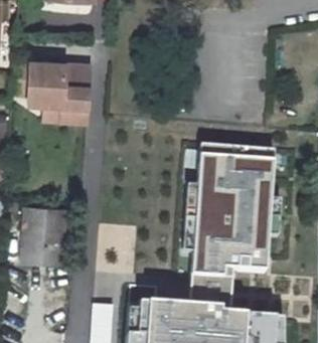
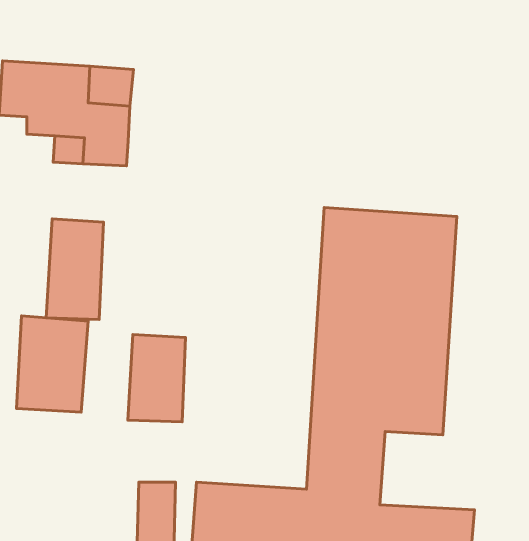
building: none -> [46,219,104,320]
building: none -> [128,334,185,422]

